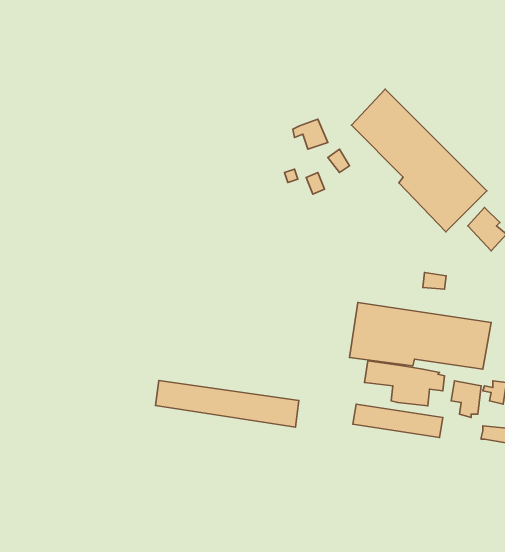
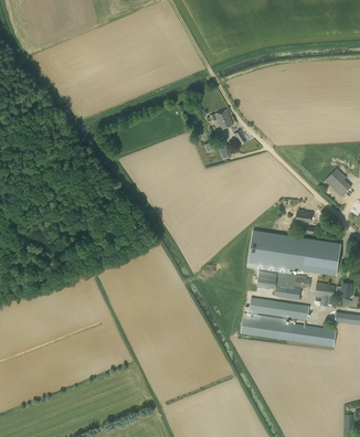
building: [351,89,487,232] -> none
building: [155,380,299,427] -> [241,317,336,348]

